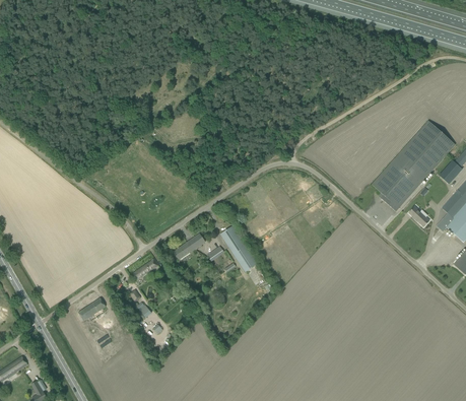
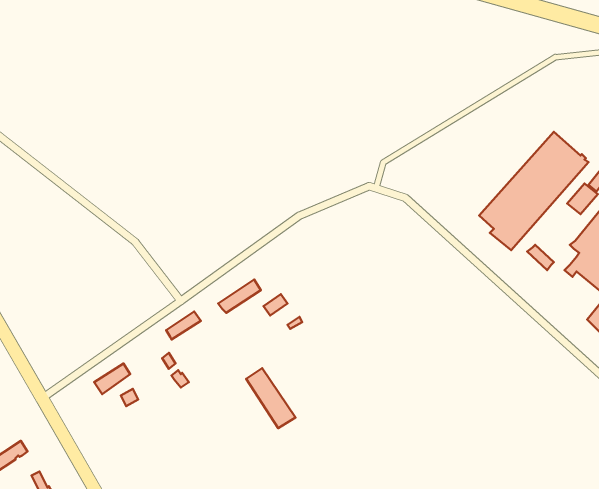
building: [221,224,259,270] -> [246,368,296,428]

